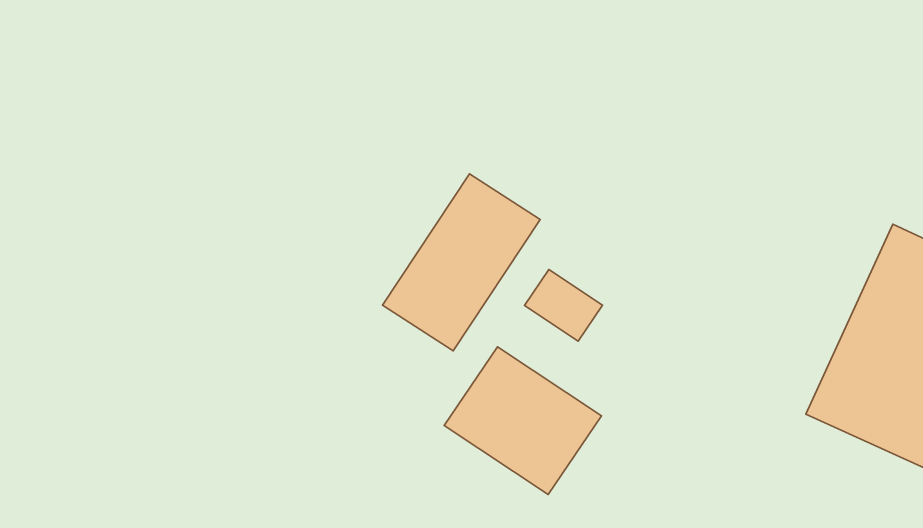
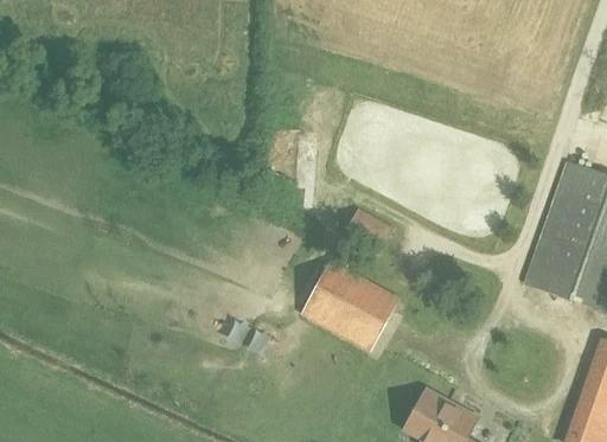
building: [382,174,540,351] -> none

